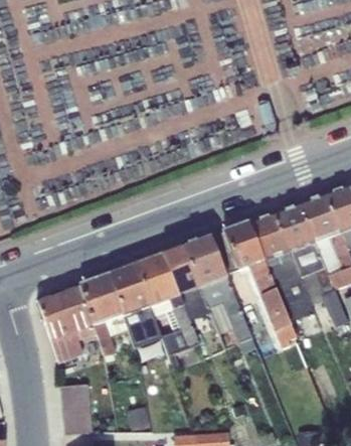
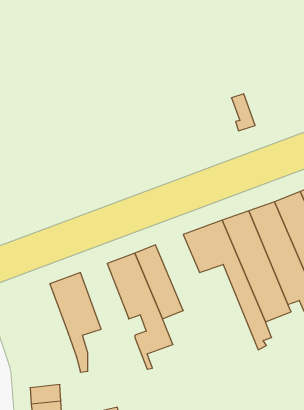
building: [182,236,255,351] -> none
building: [109,264,162,345] -> none
building: [36,284,97,361] -> none

